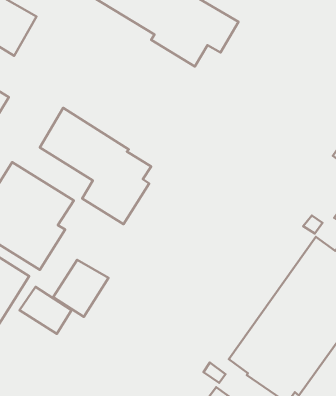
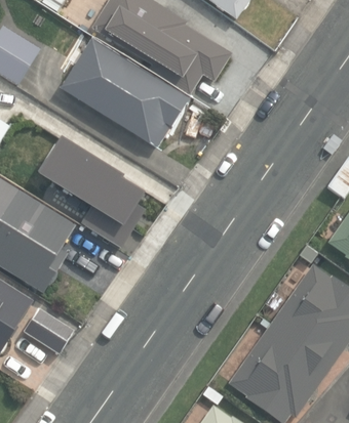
building: none -> [62,39,189,146]
building: [53,260,108,317] -> none

